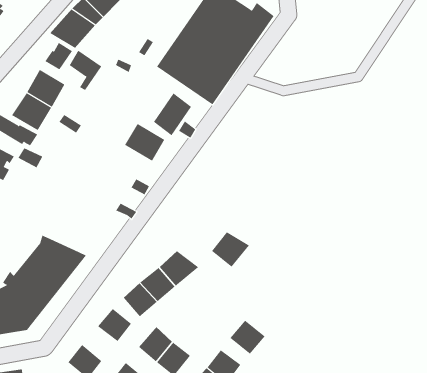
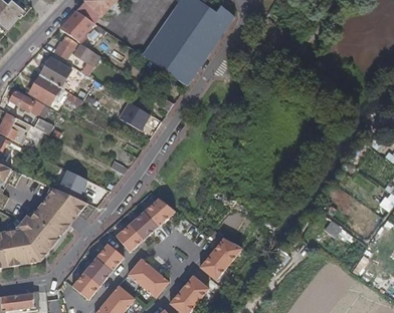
building: [153,92,192,136] -> none
building: none -> [59,171,87,200]
building: [211,231,250,267] -> [211,238,241,266]
building: none -> [83,258,112,285]

